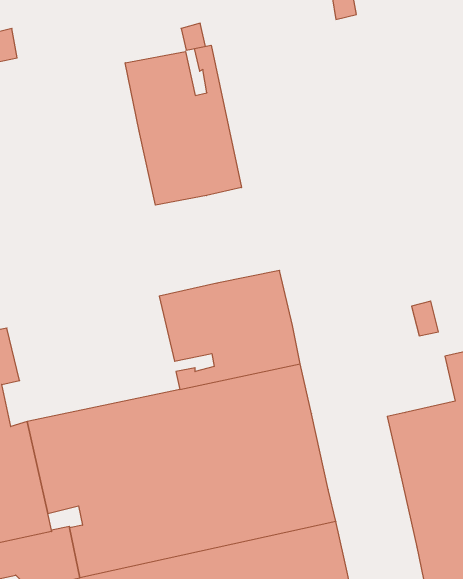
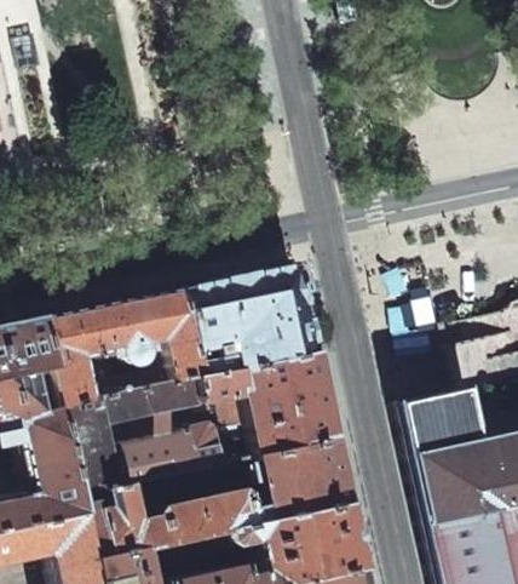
building: [125,45,241,205] -> none
building: none -> [42,291,206,410]

